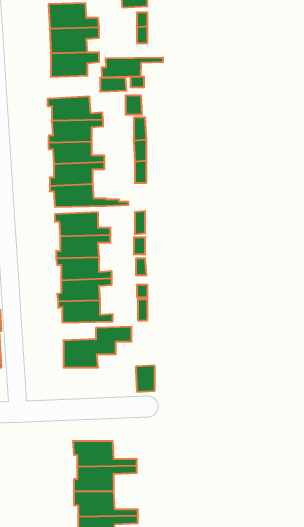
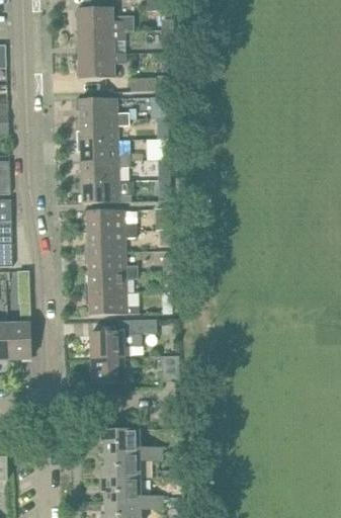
building: [102,57,163,77] -> none
building: none -> [91,358,124,383]

